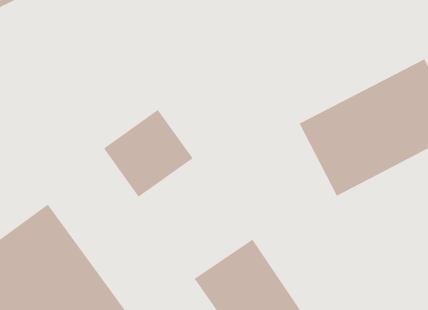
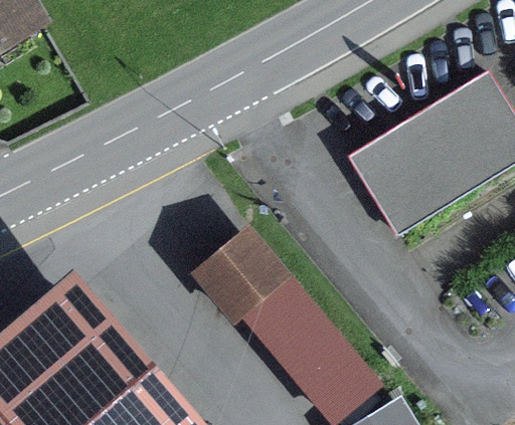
building: [103,109,194,197] -> [189,224,293,326]

